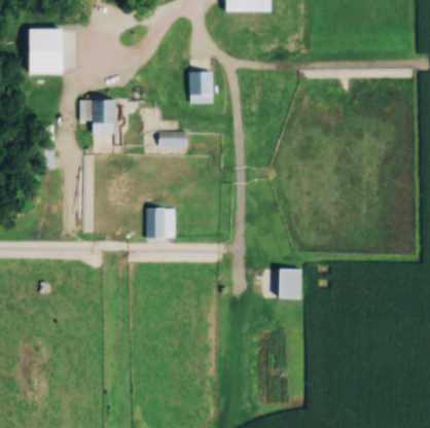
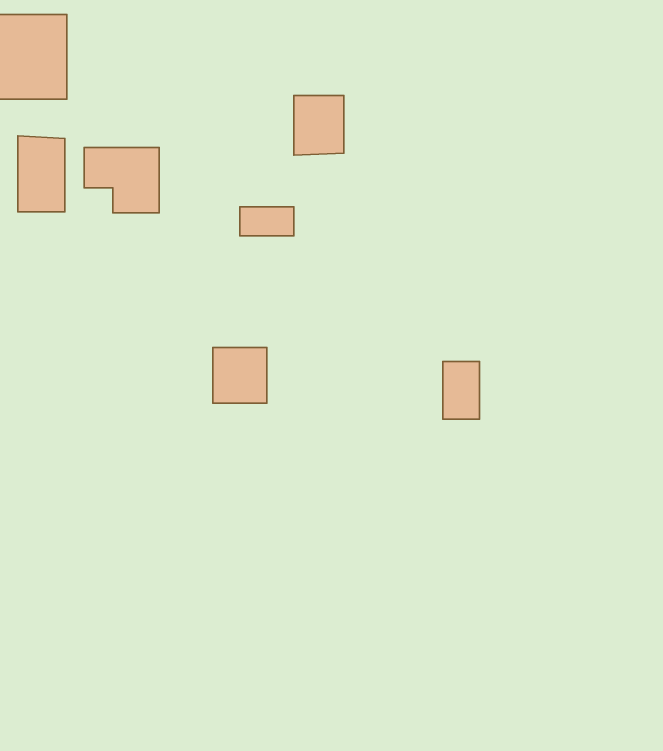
building: none -> [18,136,65,212]
building: [282,268,301,298] -> [443,361,480,419]

